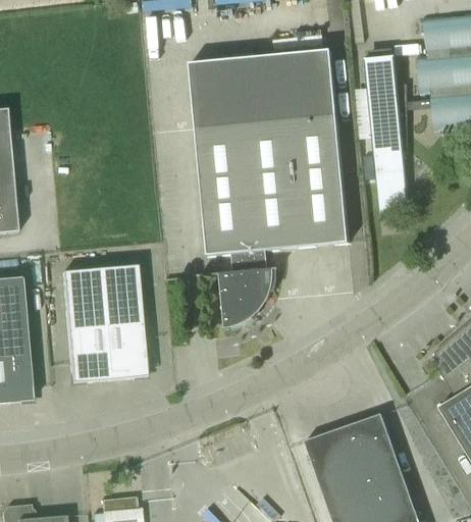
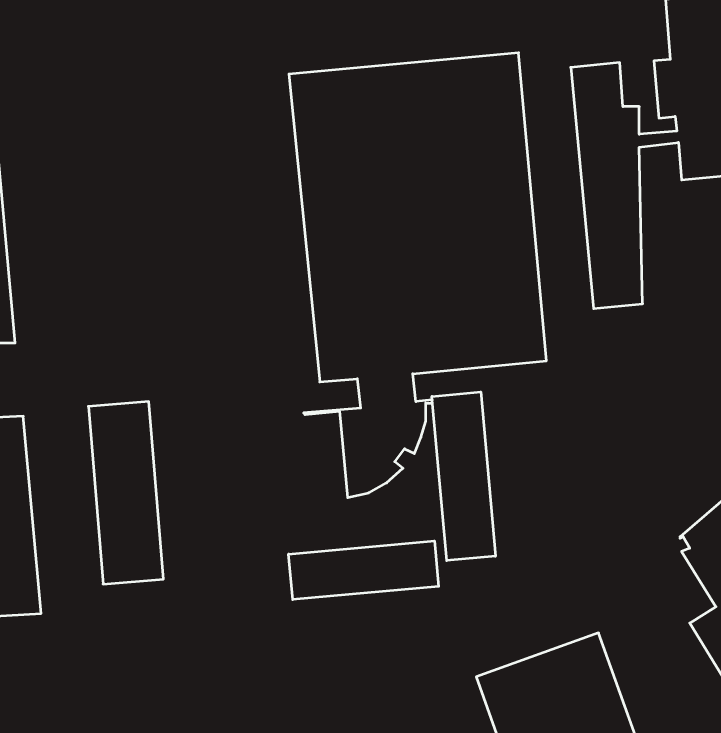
building: none -> [432,392,495,561]
building: [100,264,147,379] -> none
building: none -> [289,541,439,600]

